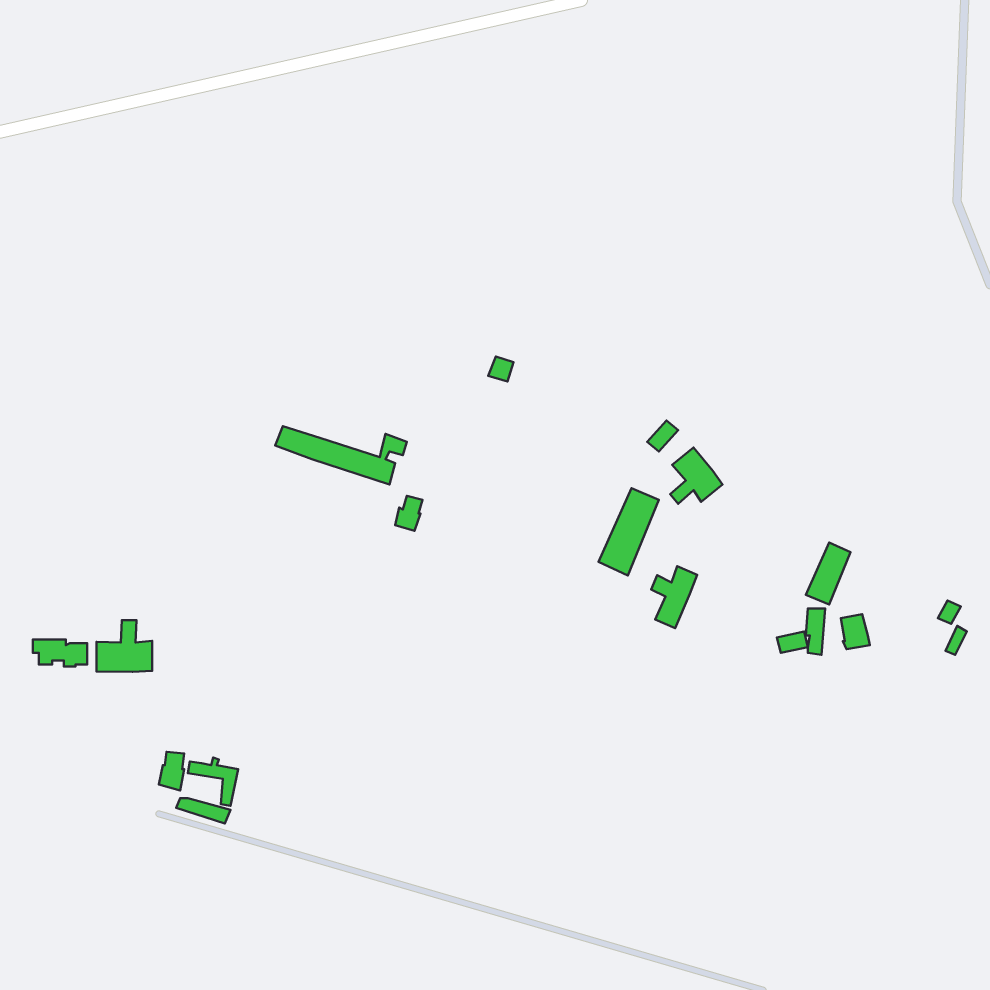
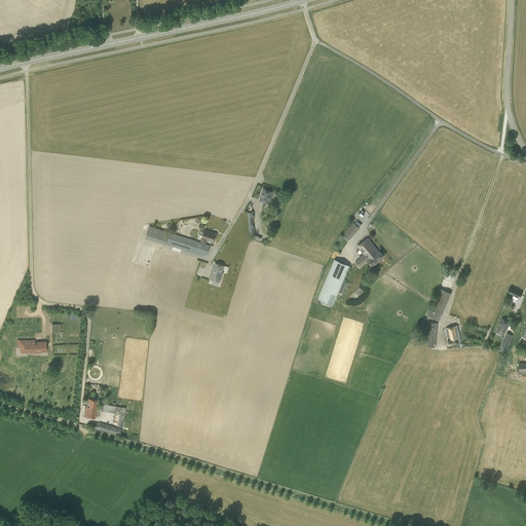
building: [651,566,697,628] -> none
building: [96,620,152,672] -> none

